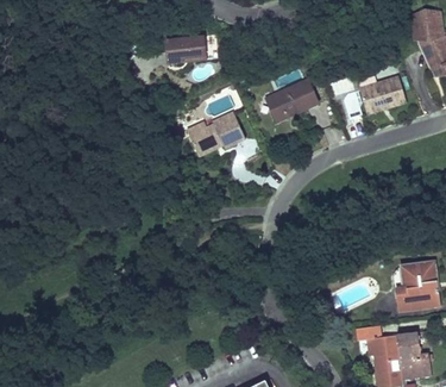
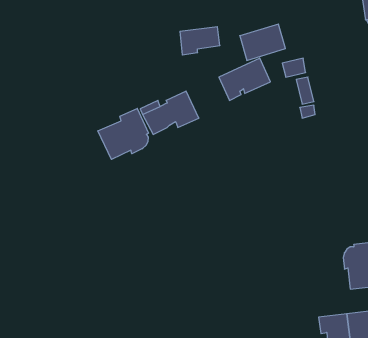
building: [164,35,205,63] -> [180,27,220,55]
building: [358,75,404,112] -> [240,24,285,60]
building: none -> [98,108,148,159]

